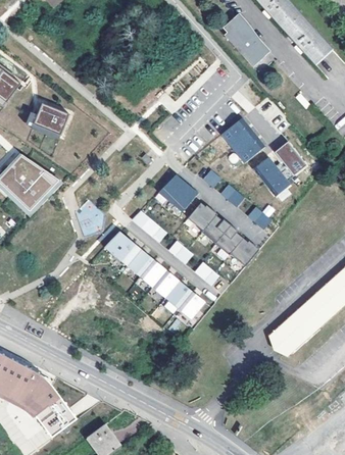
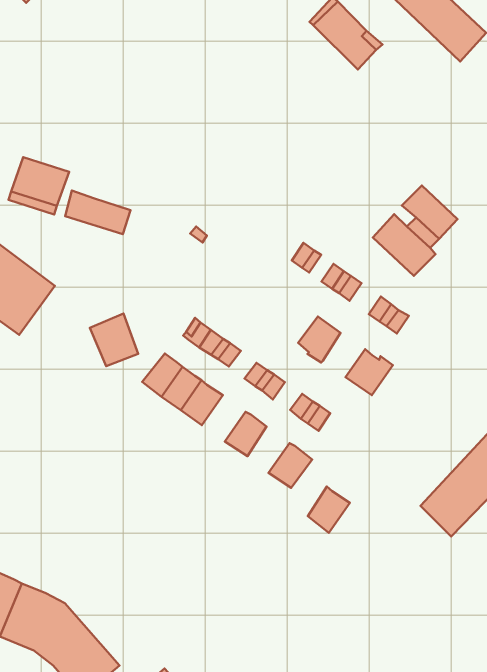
building: [220,116,263,161] -> none
building: none -> [65,191,130,234]
building: [157,174,198,211] -> none
building: [187,201,216,230] -> none
building: [215,225,243,253] -> none
building: [139,258,166,287] -> none
building: [165,280,192,308] -> [308,487,350,533]

